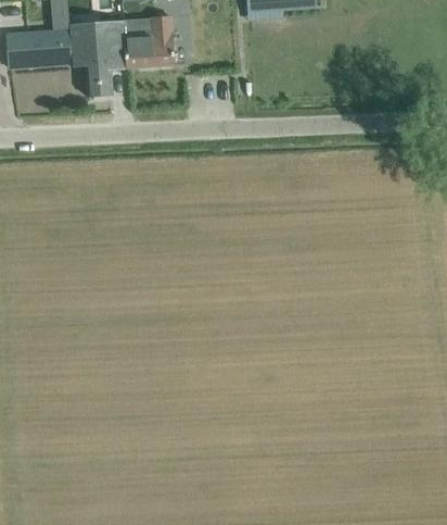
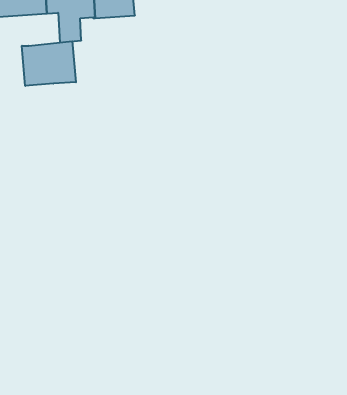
building: none -> [22,41,76,86]

